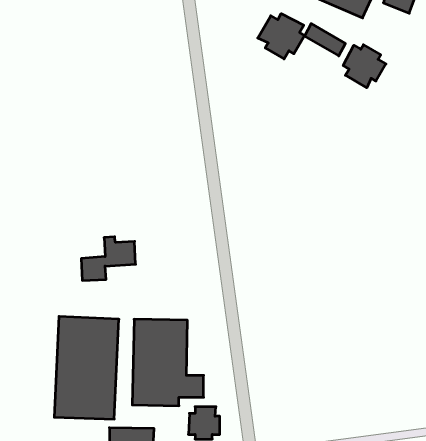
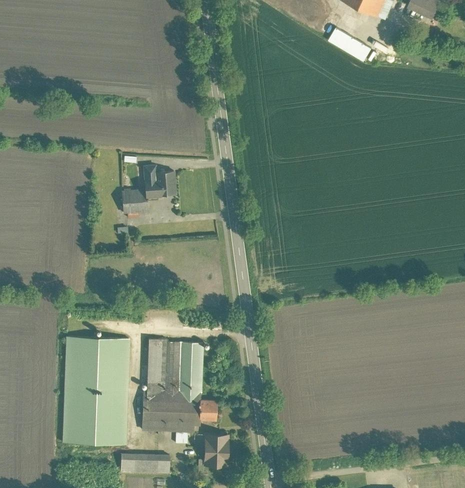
building: [258,14,305,59] -> none
building: [343,45,386,88] -> none
building: [81,237,136,280] -> [120,167,177,213]

